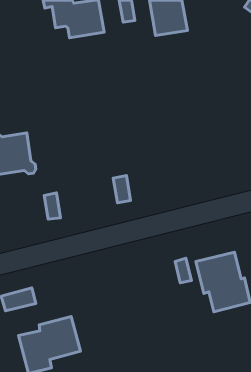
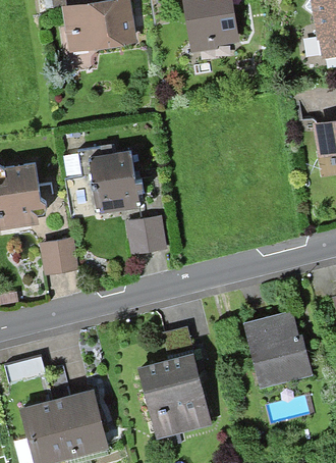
building: none -> [88,152,144,201]
building: none -> [138,355,210,428]

